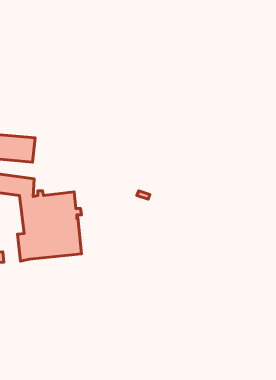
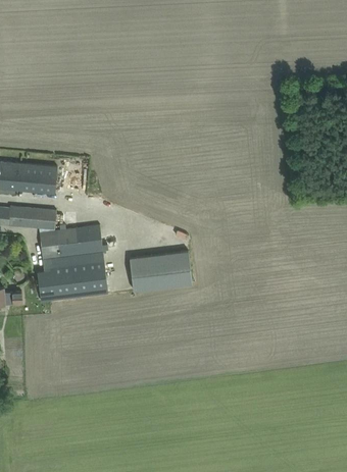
building: none -> [129,252,191,291]

